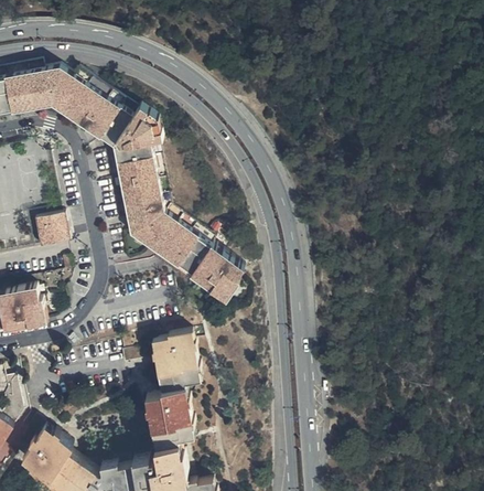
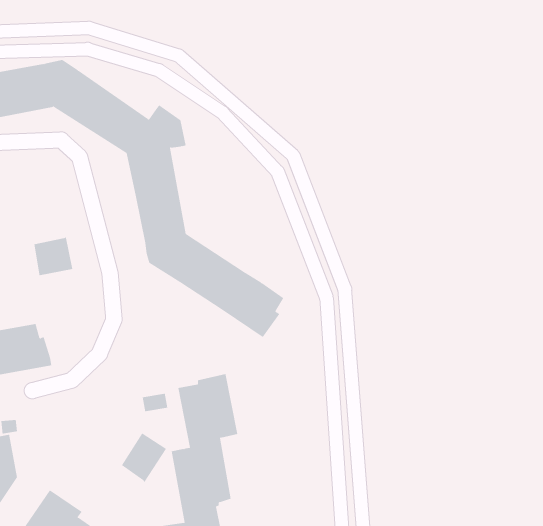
building: none -> [121,433,167,483]

